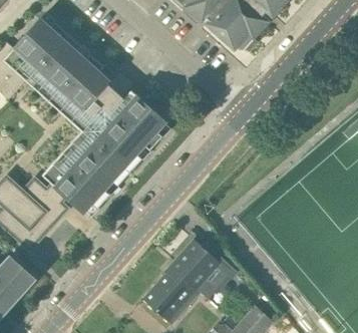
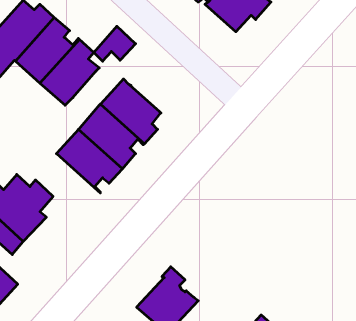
building: [84,82,122,114] -> [94,26,136,61]
building: [48,157,109,212] -> none
building: [173,240,229,298] -> none

